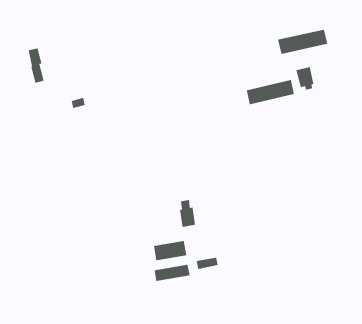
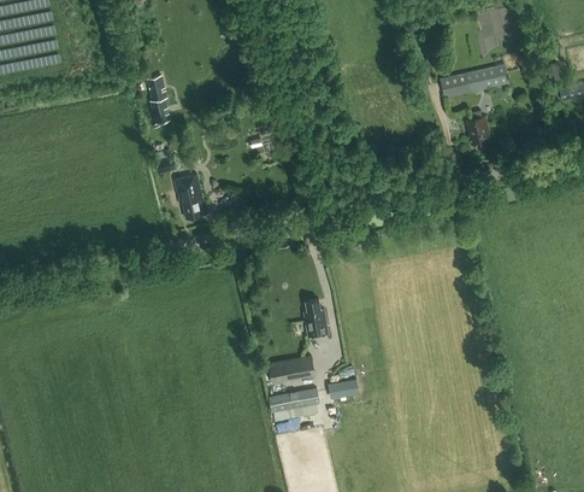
building: [28,48,44,84] -> [147,75,170,124]
building: [246,79,295,105] -> none
building: none -> [175,175,203,218]

